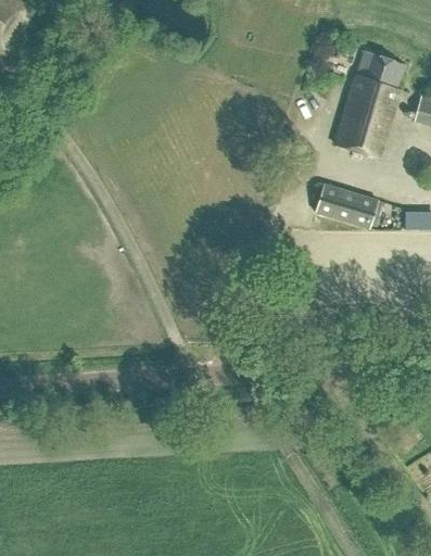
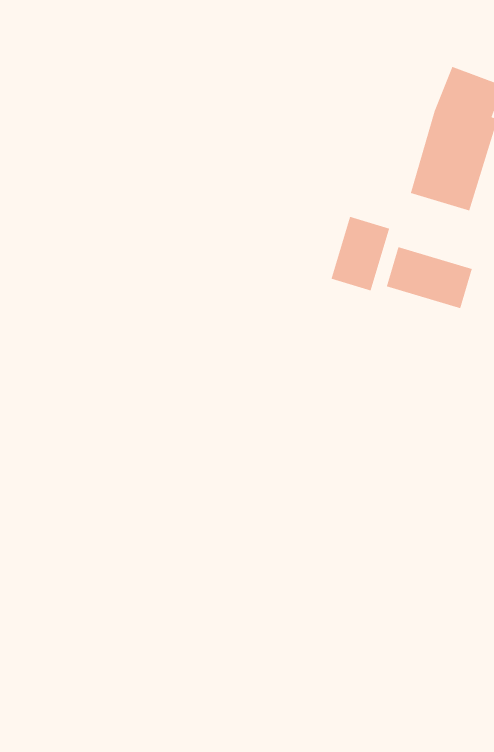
building: none -> [331,216,390,291]

